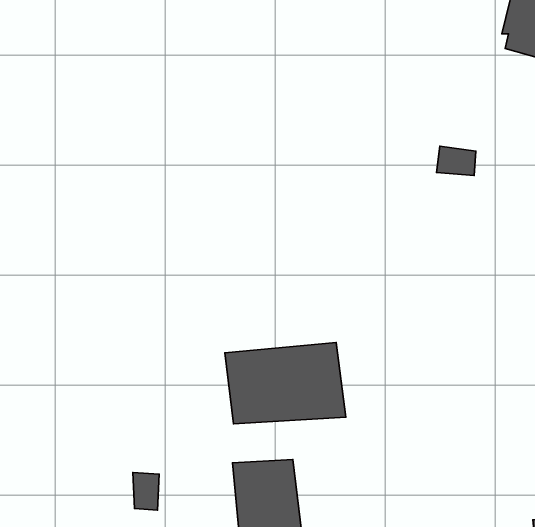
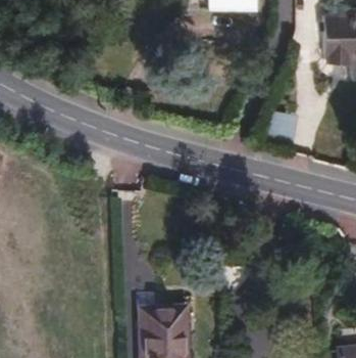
building: [225,342,346,424] -> none

